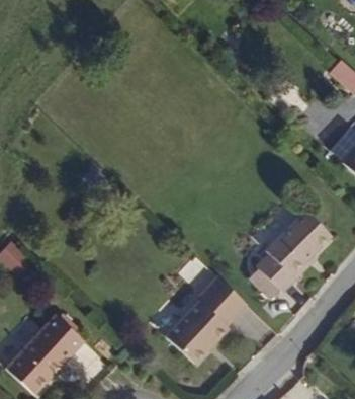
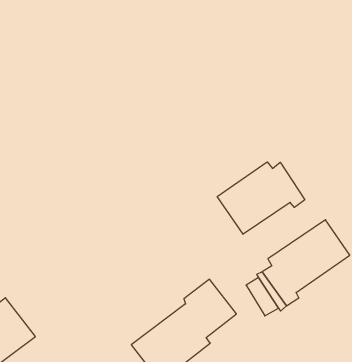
building: none -> [217,162,305,234]

